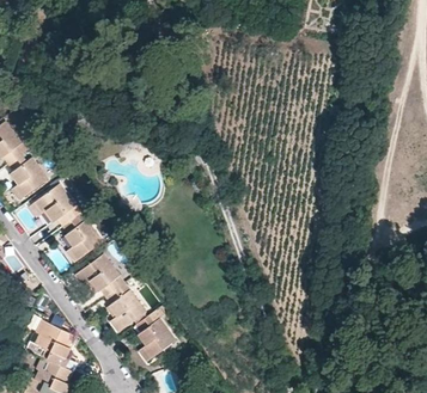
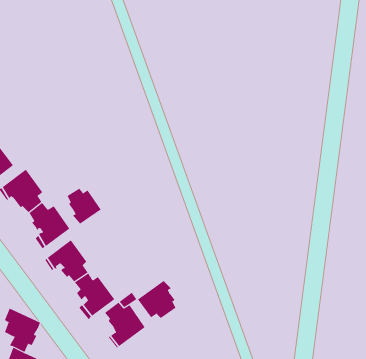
building: none -> [67,188,102,224]
building: none -> [137,280,176,319]

